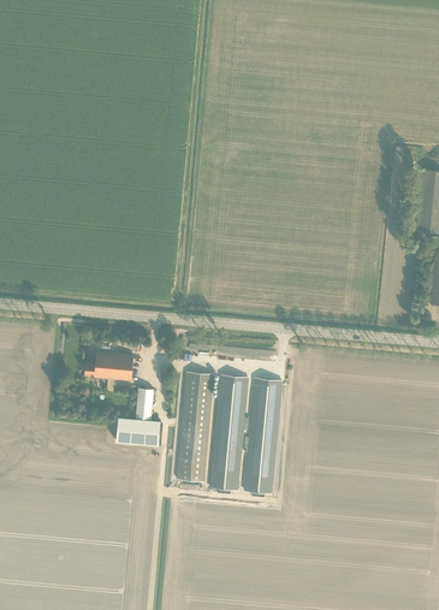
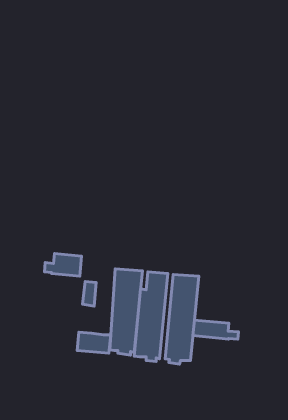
building: [115,416,160,444] -> [77,332,111,353]
building: none -> [193,320,238,339]

